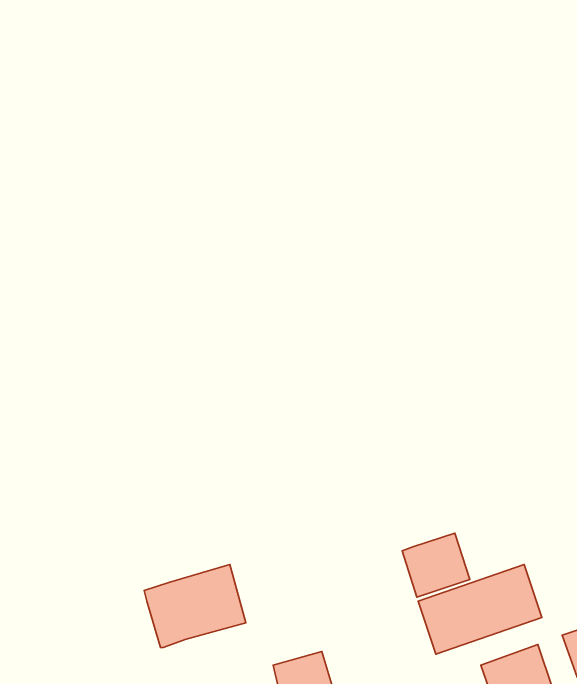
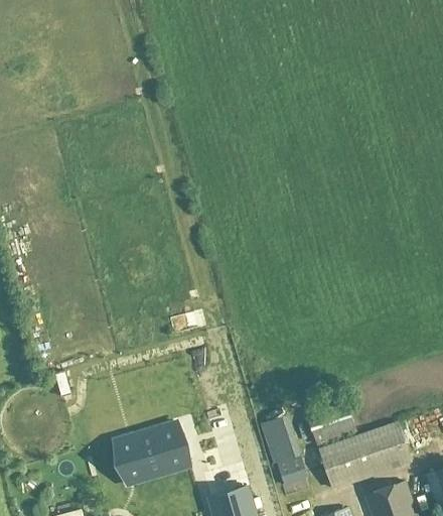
building: none -> [265,421,306,486]

